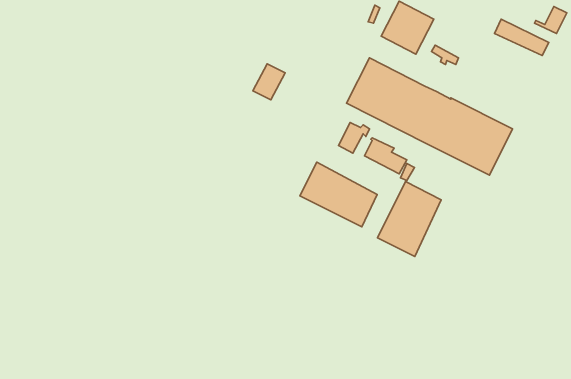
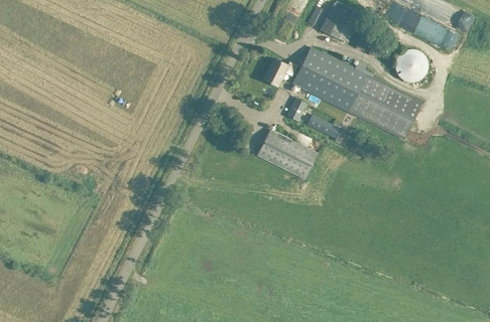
building: none -> [390,46,426,84]
building: [253,64,285,100] -> [263,58,288,87]
building: [377,181,441,257] -> none

